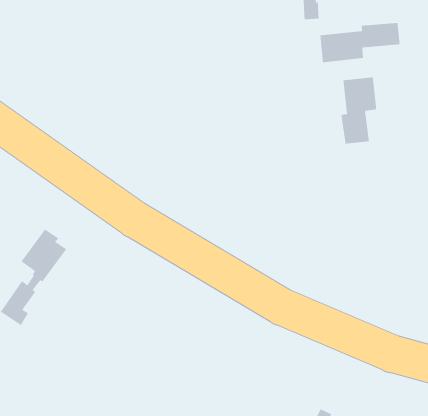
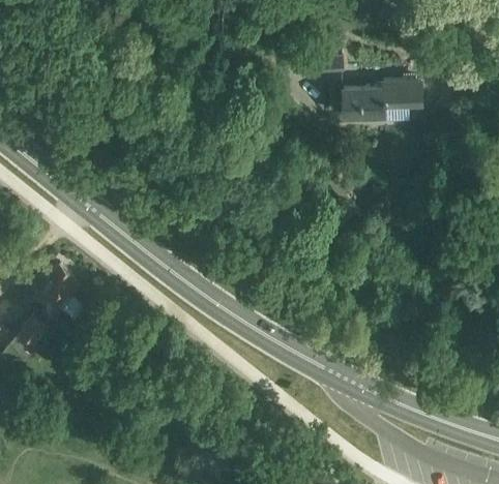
building: [340,76,377,145] -> none

